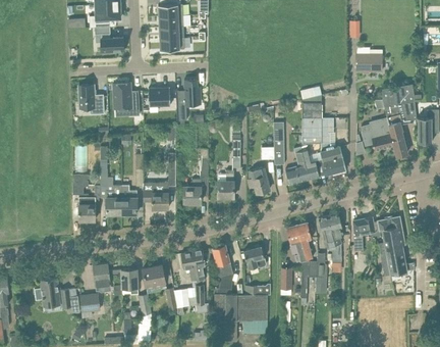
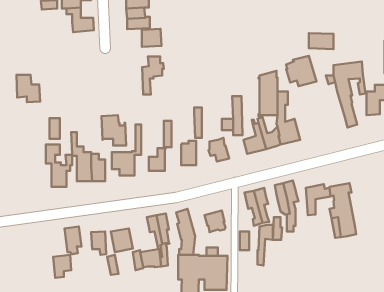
building: [113,83,140,115] -> [102,115,126,145]
building: [78,85,104,114] -> [16,75,40,102]
building: [149,87,170,106] -> [142,29,162,47]
building: [362,117,394,150] -> [286,56,317,86]
building: [34,278,79,313] -> none

